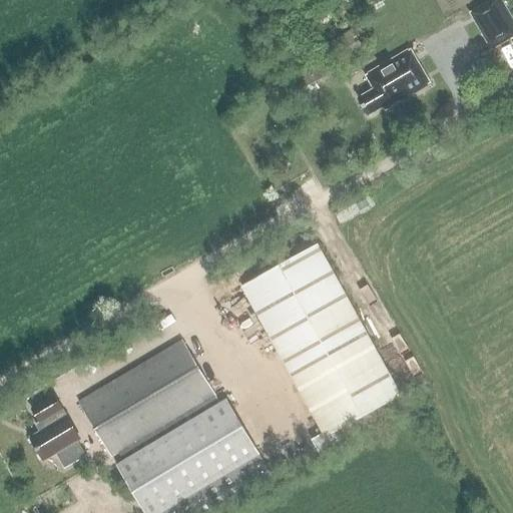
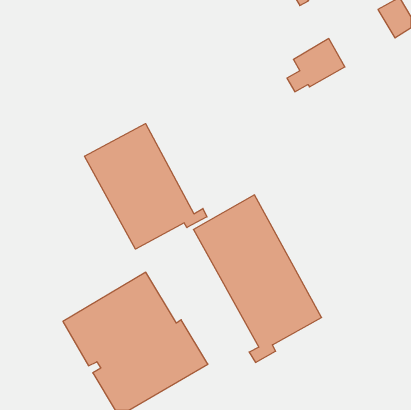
building: none -> [85,124,207,249]
building: [29,394,85,468] -> none

